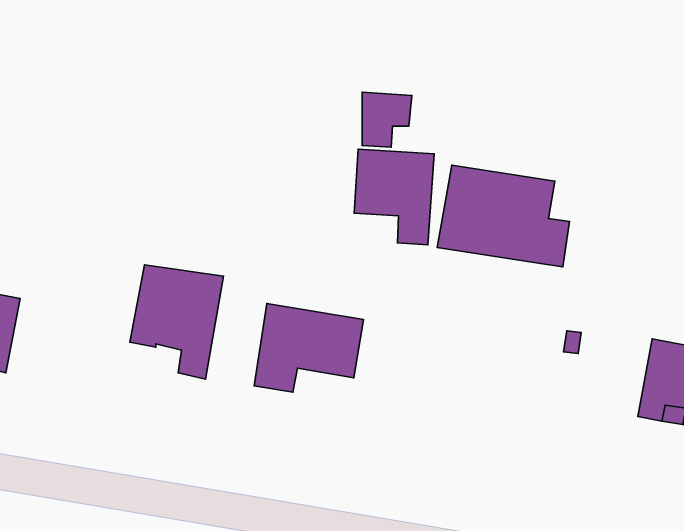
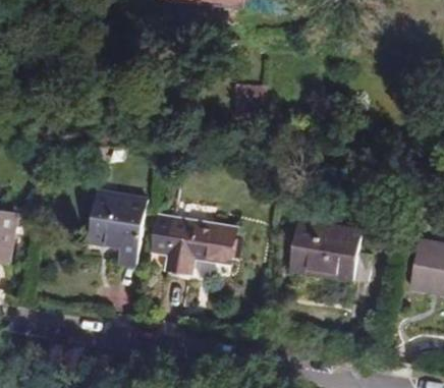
building: [354,149,434,245] -> none
building: [437,165,569,267] -> [286,219,370,283]

